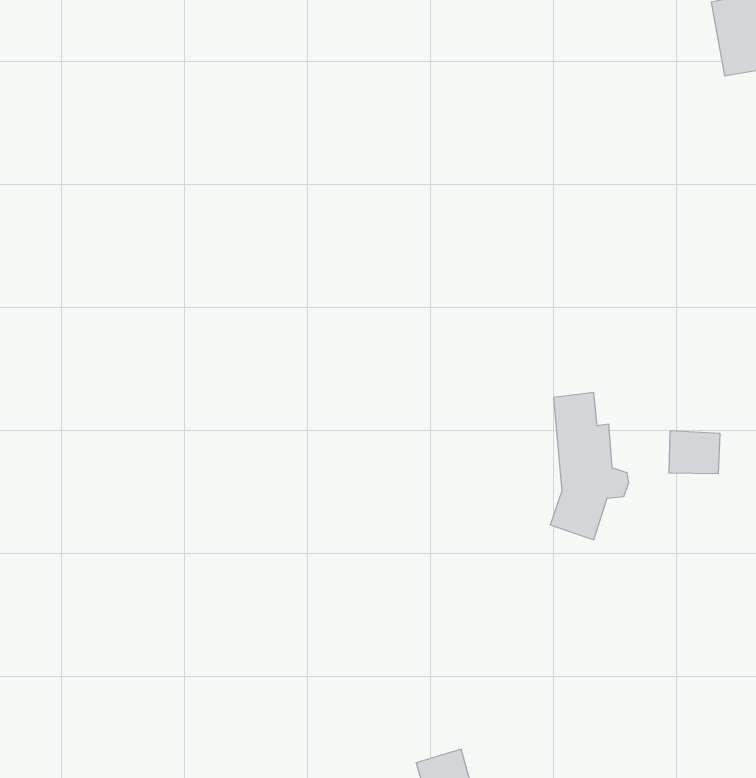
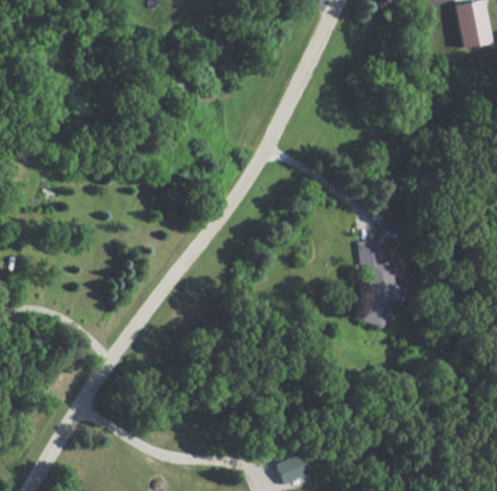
building: [669,431,720,474] -> none

